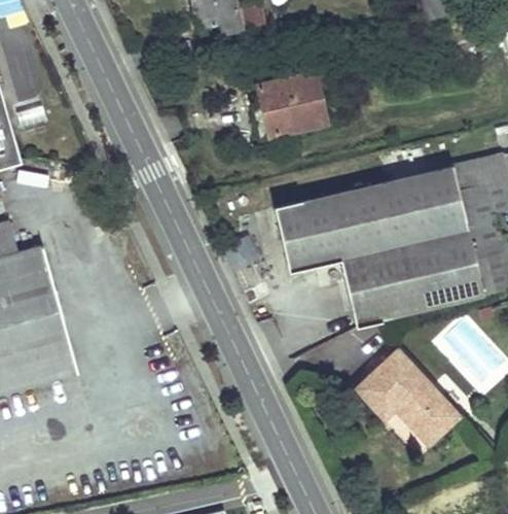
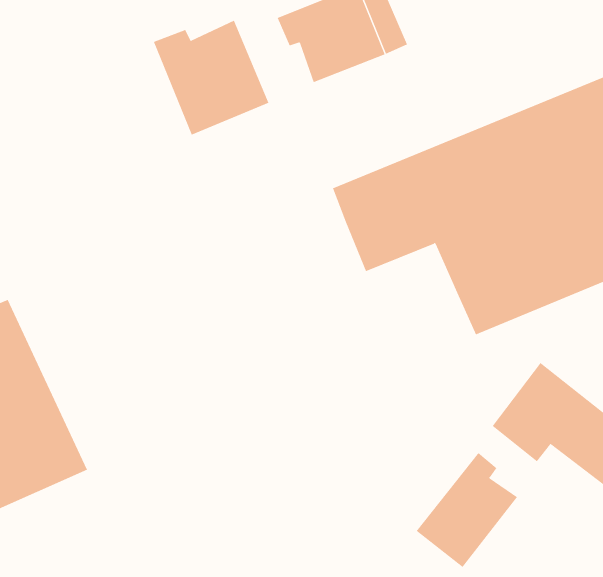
building: none -> [153,20,269,135]
building: none -> [416,452,518,568]

